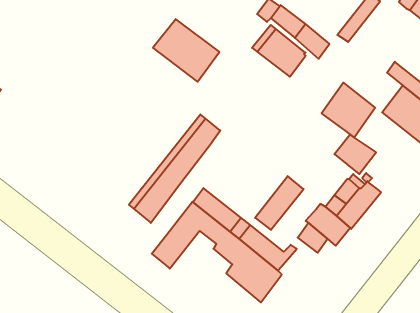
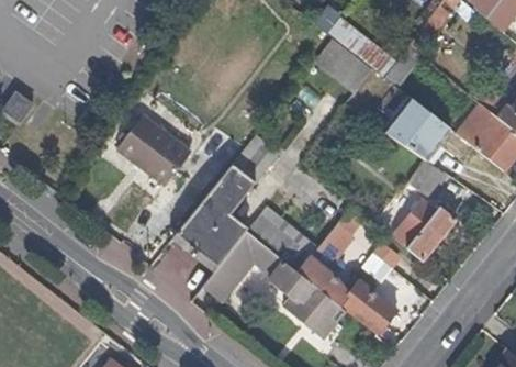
building: [153,19,219,82] -> [119,118,192,187]
building: none -> [200,214,248,267]
building: none -> [341,282,397,333]

